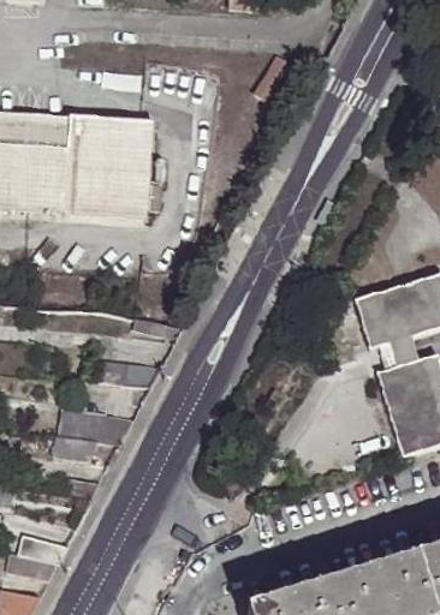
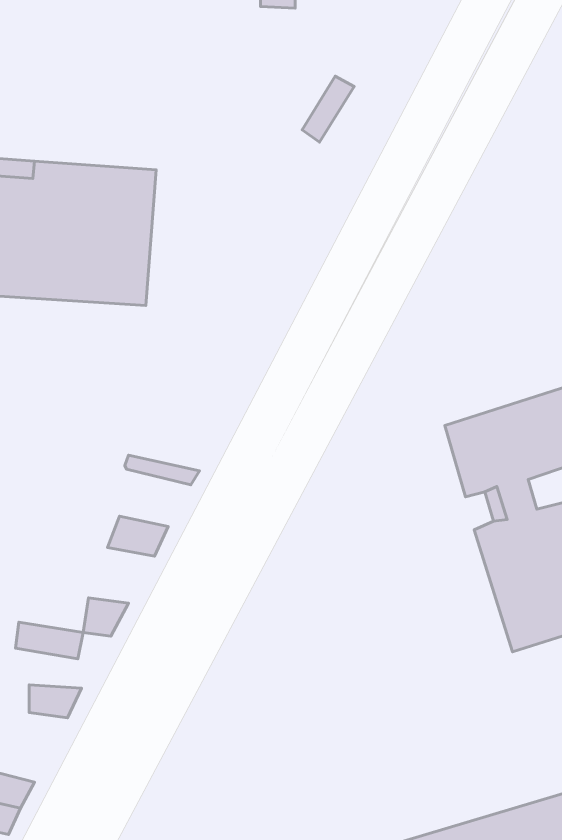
building: [57,410,105,442] -> none

